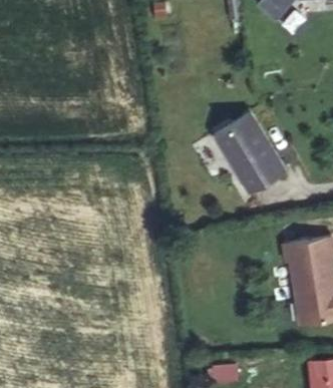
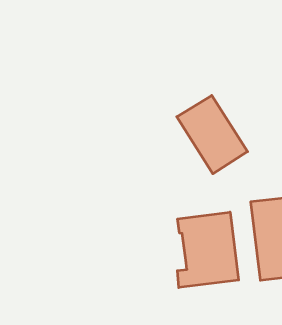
building: none -> [177,212,239,288]

